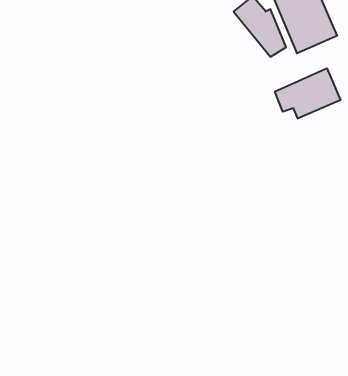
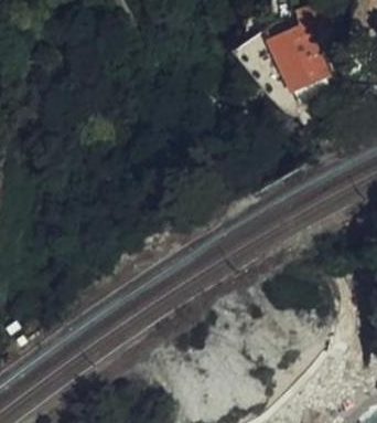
building: [275,68,340,119] -> none

